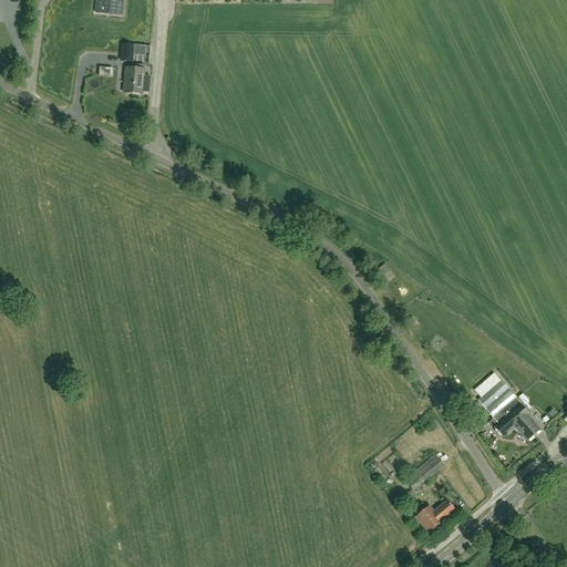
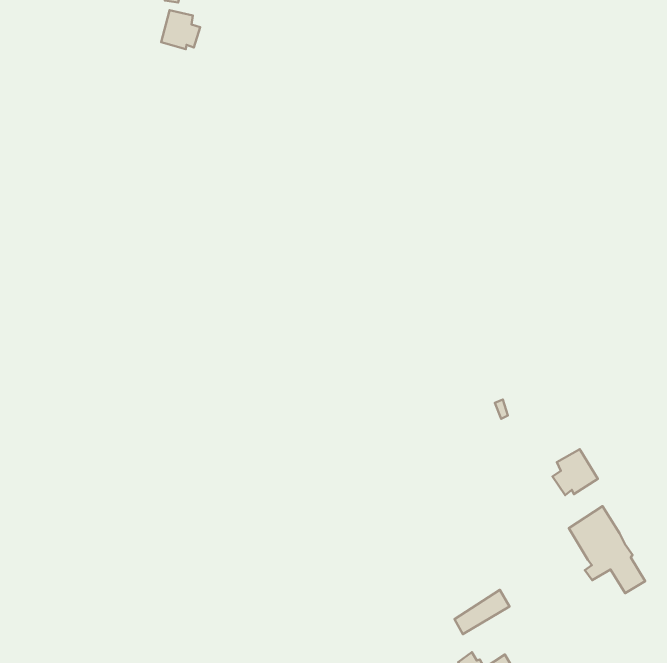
building: none -> [553,449,598,495]

